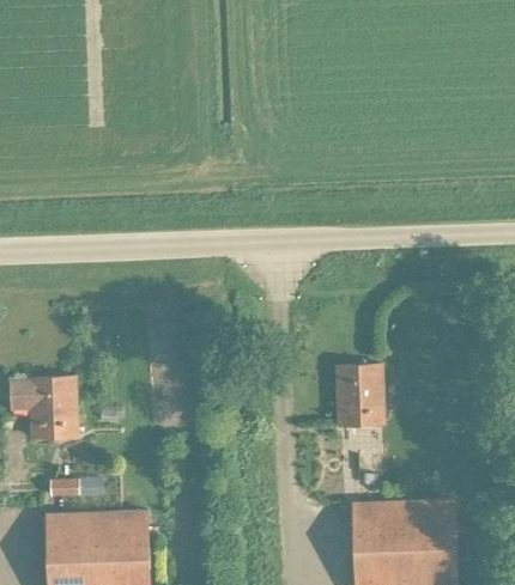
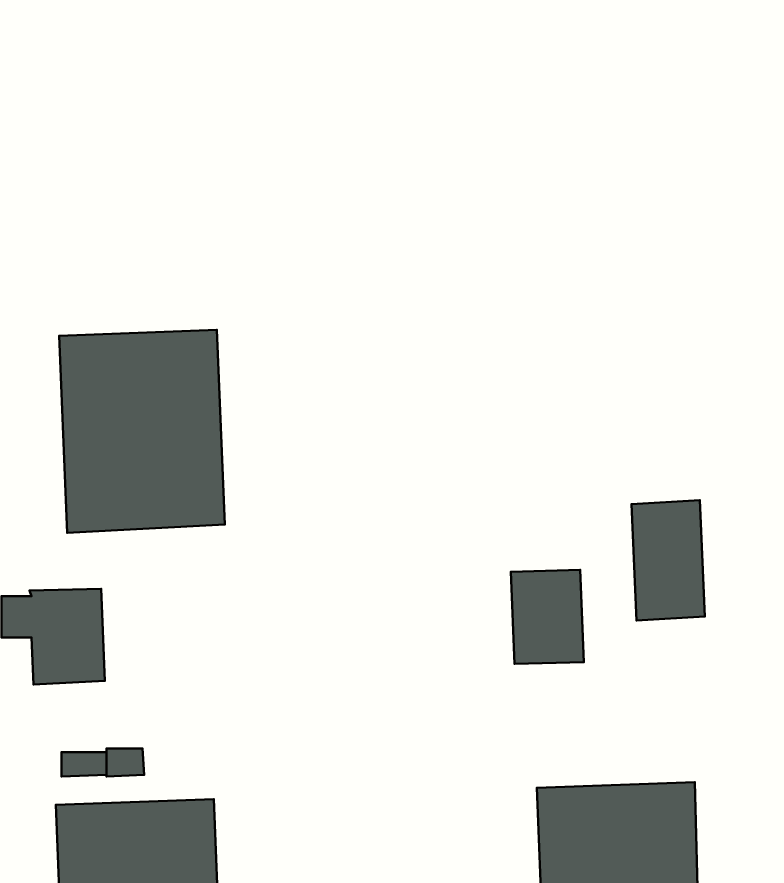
building: none -> [59,330,225,533]
building: none -> [632,500,705,620]

